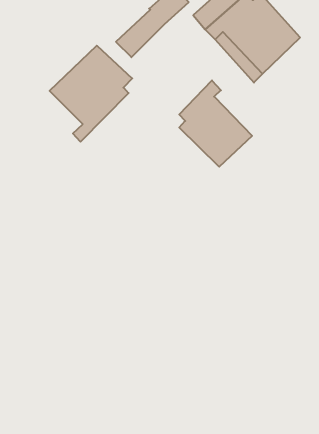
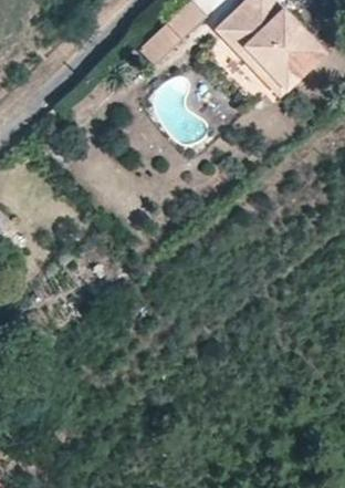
building: [50,46,132,142] -> none
building: [179,80,252,167] -> none

